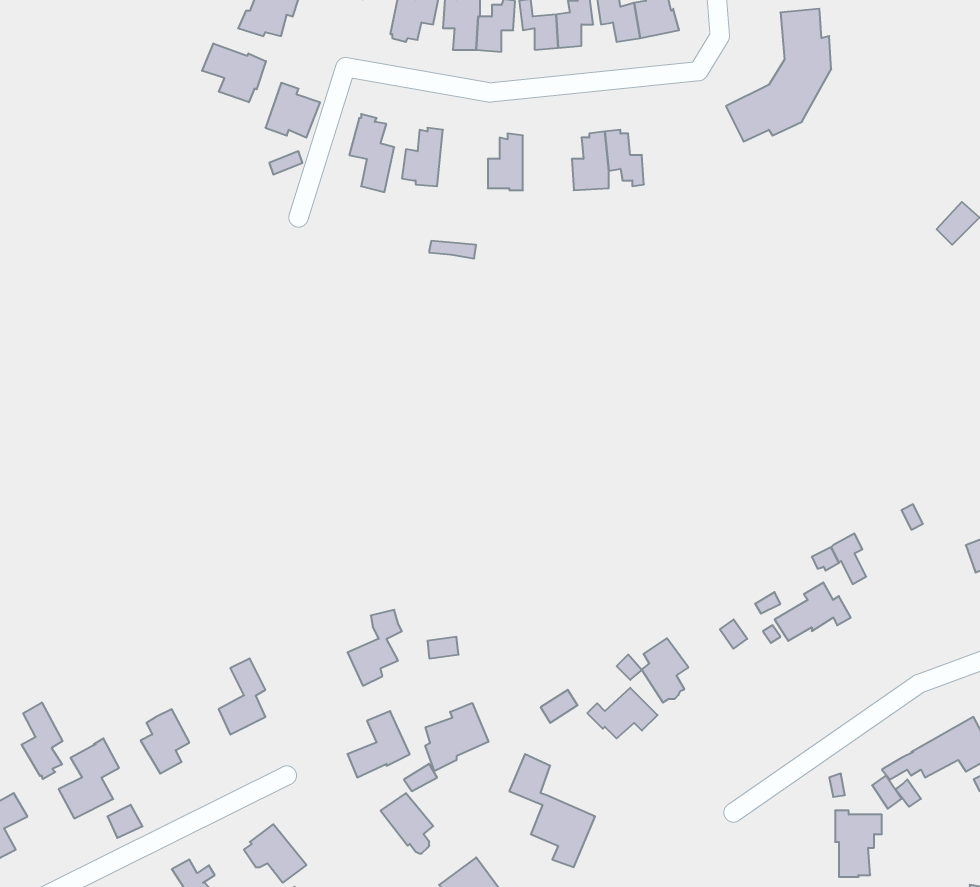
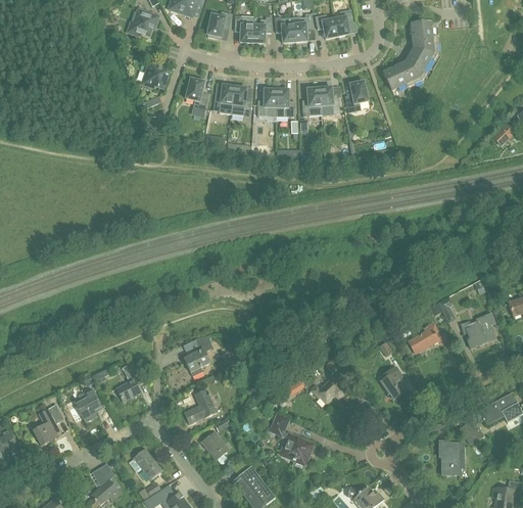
building: [202,43,266,102] -> none
building: none -> [344,78,368,112]
building: none -> [231,84,251,114]
building: none -> [276,87,294,116]
building: none -> [461,312,495,348]
building: [642,638,688,703] -> [381,365,406,399]
building: [22,702,62,779] -> none
building: [425,703,488,771] -> none

